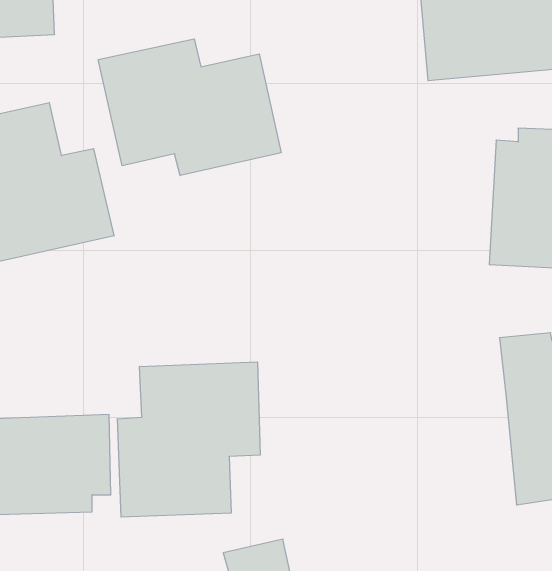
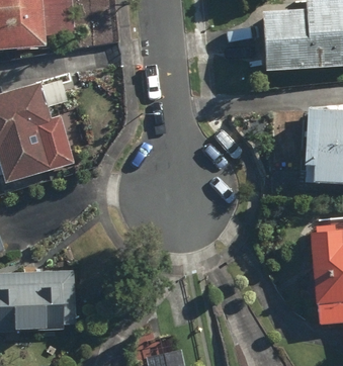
building: [98,39,281,176] -> none
building: [117,362,260,517] -> none

